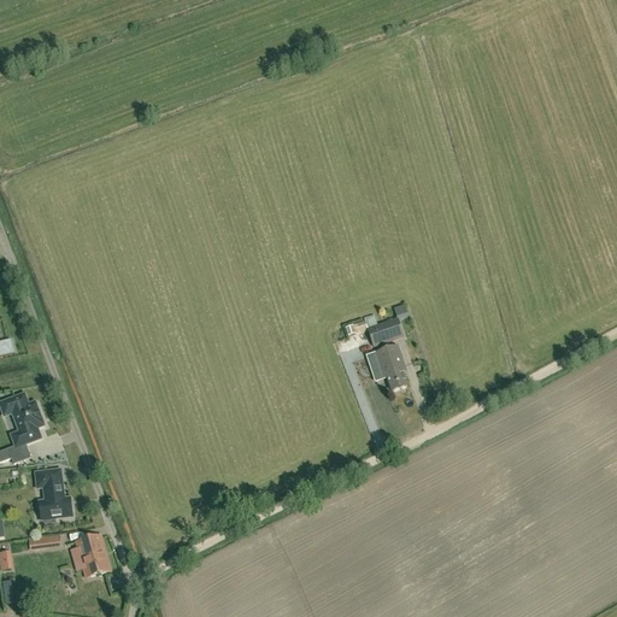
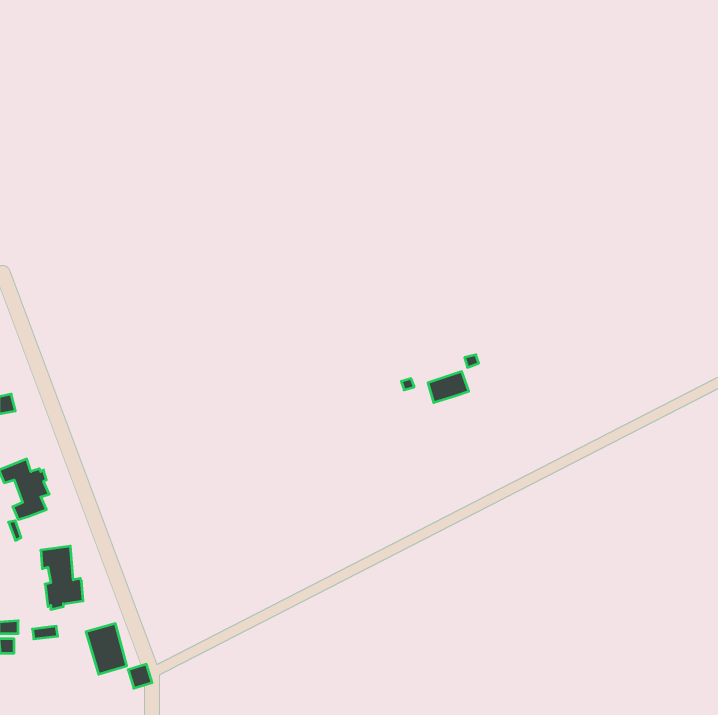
building: [365,345,406,390] -> none

